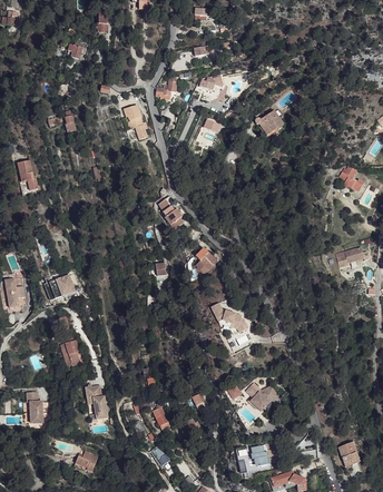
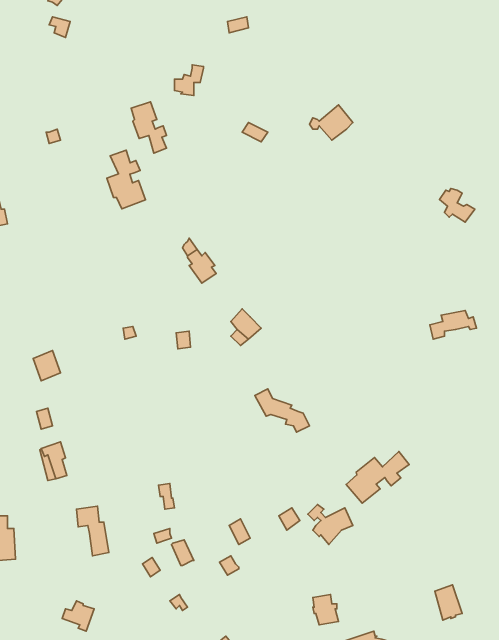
building: none -> [107,150,146,209]
building: none -> [346,451,409,503]

